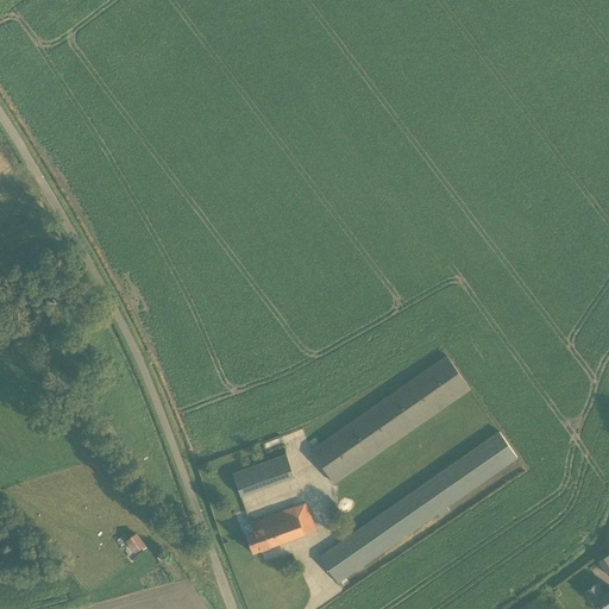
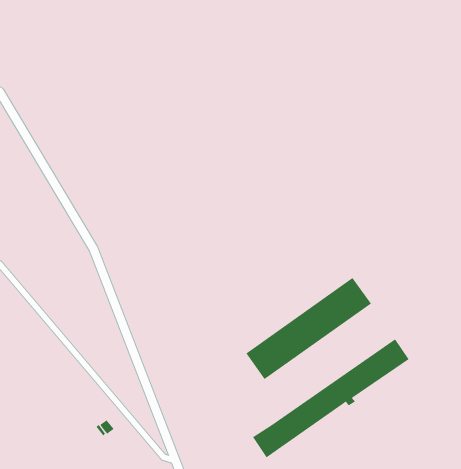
building: [232,454,294,496] -> none
building: [243,503,315,554] -> none

